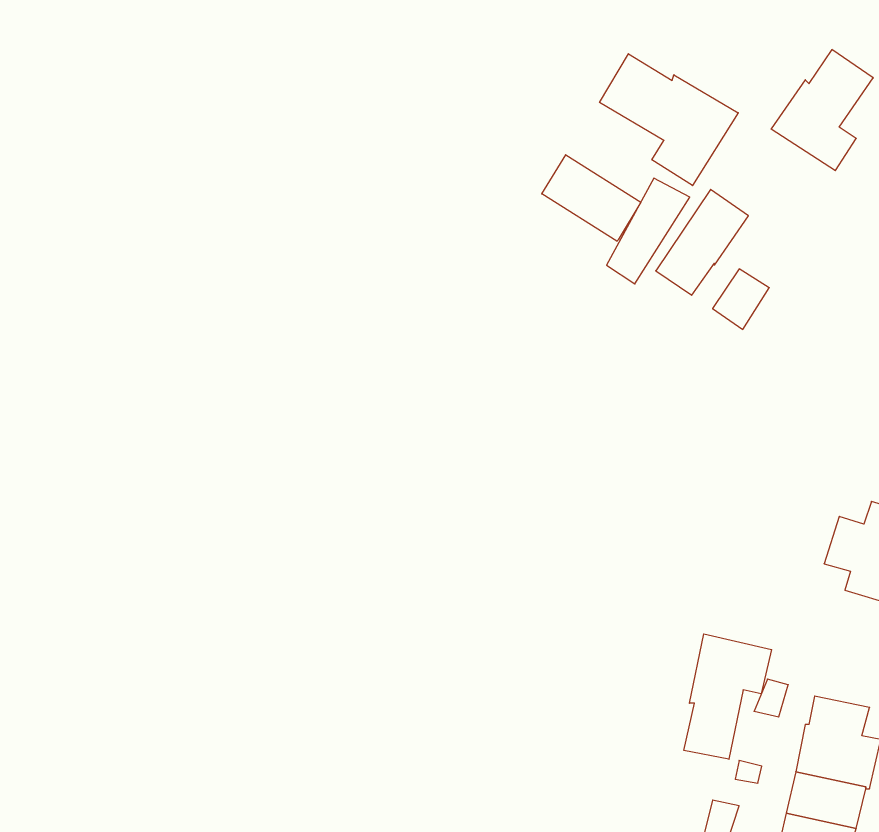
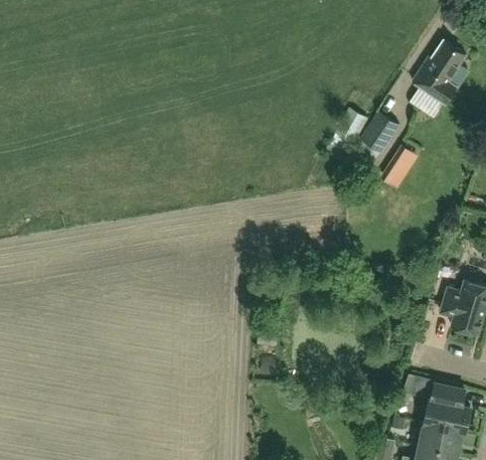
building: [600,54,738,186] -> none
building: [542,155,641,241] -> none
building: [684,634,772,759] -> none

